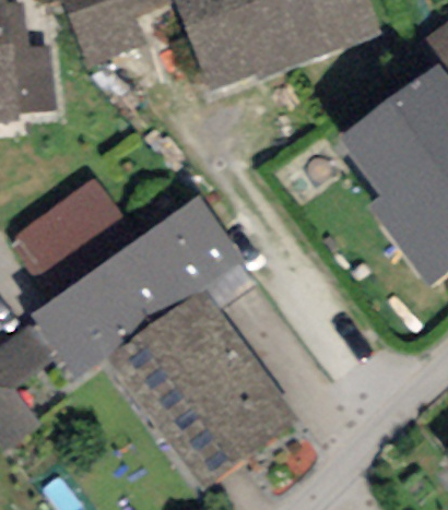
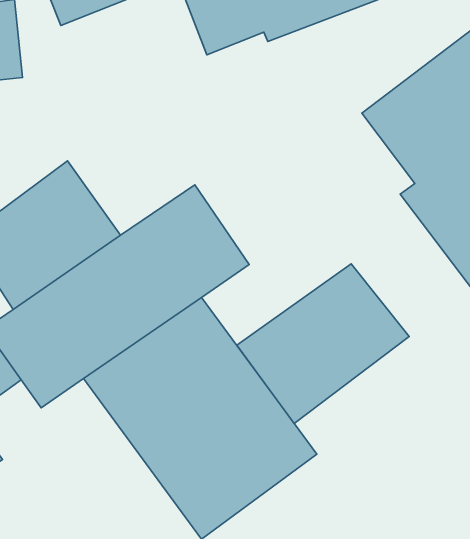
building: none -> [237,264,409,424]

